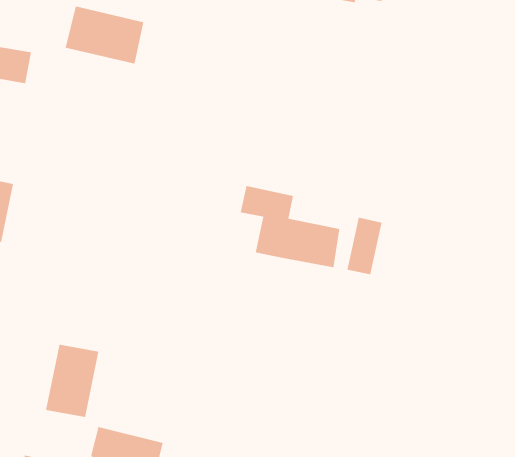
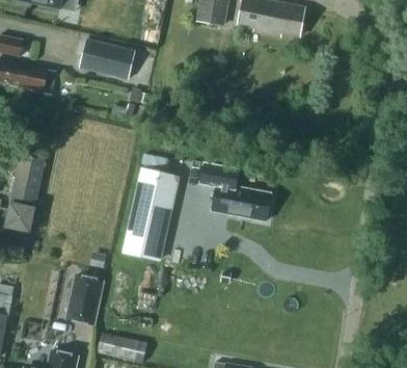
building: none -> [124,169,178,260]
building: [347,217,382,275] -> none

